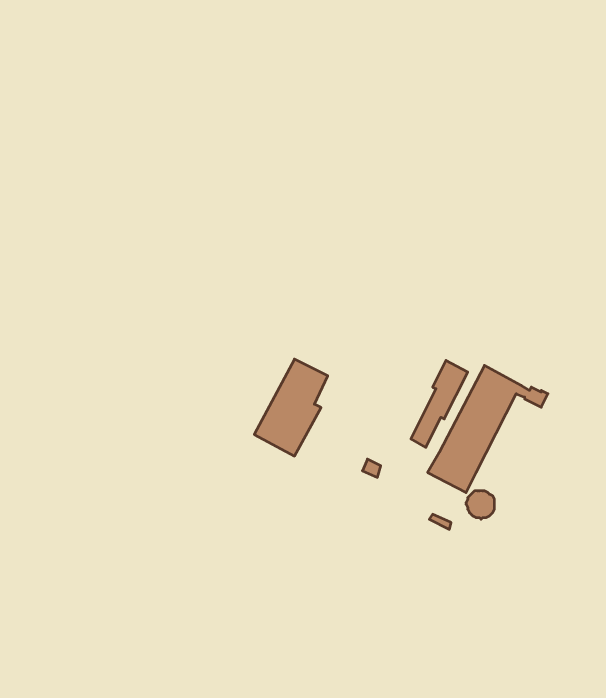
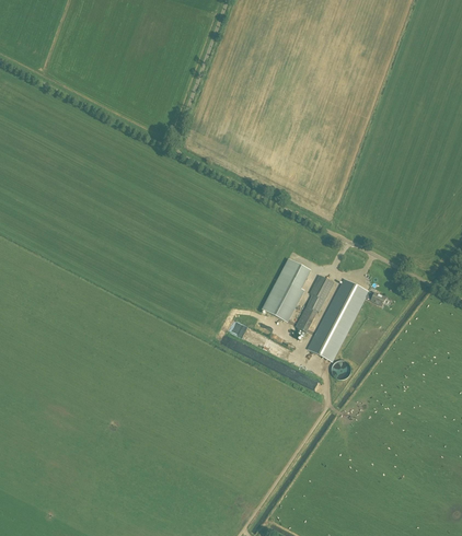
building: [254,359,328,456] -> [261,258,309,322]

